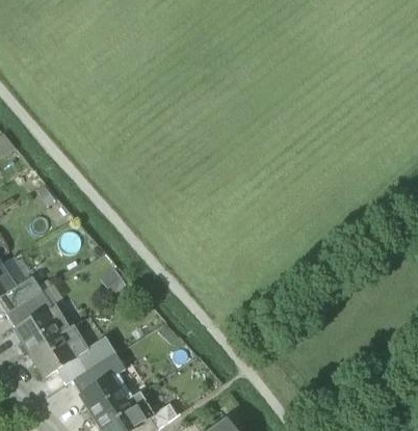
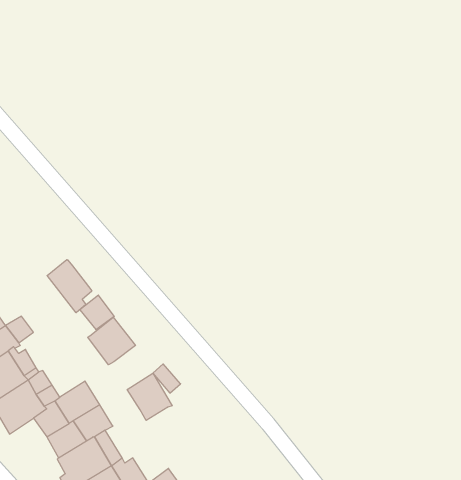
building: none -> [47,260,92,313]
building: none -> [88,317,135,365]
building: none -> [127,373,172,420]

